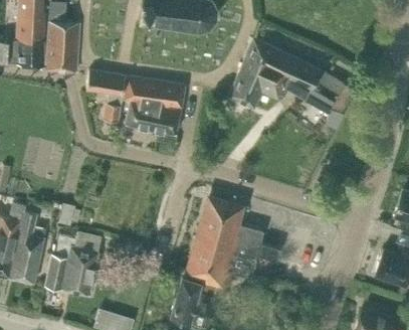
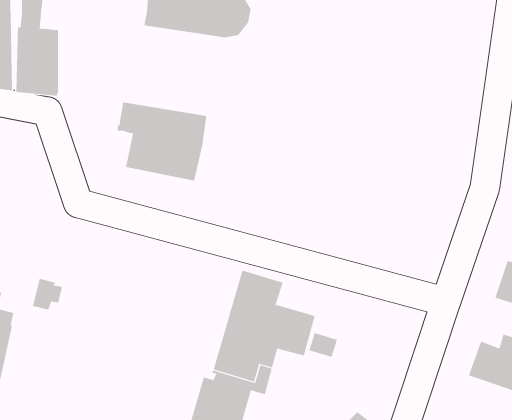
building: [230,39,354,114] -> none
building: [86,71,124,123] -> none
building: [45,234,101,295] -> none

